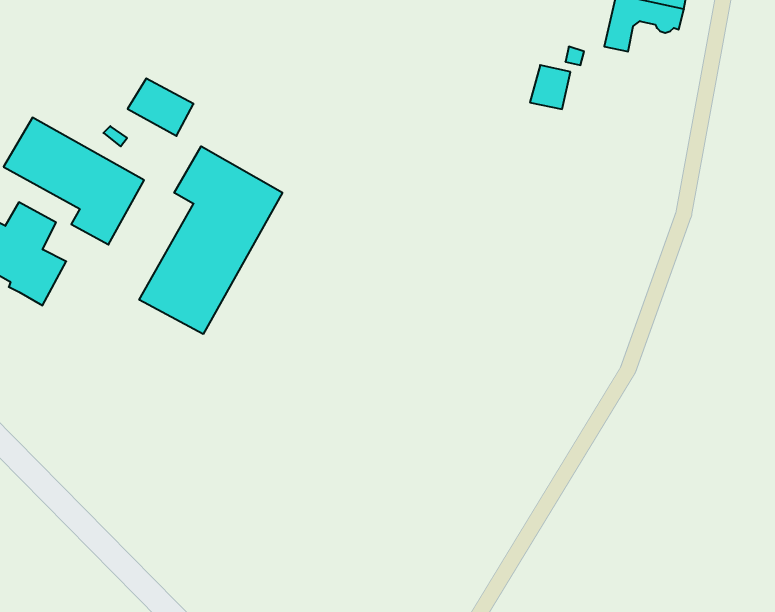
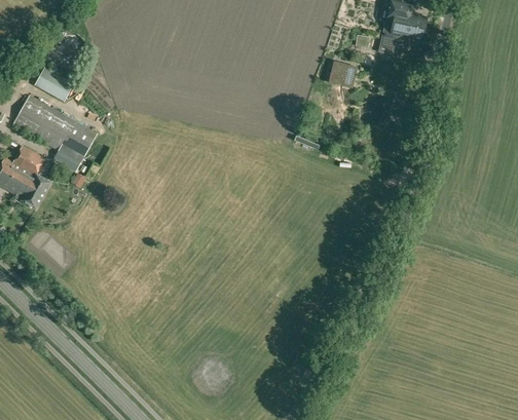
building: [128,78,194,136] -> [34,67,74,102]
building: [139,146,282,334] -> none

